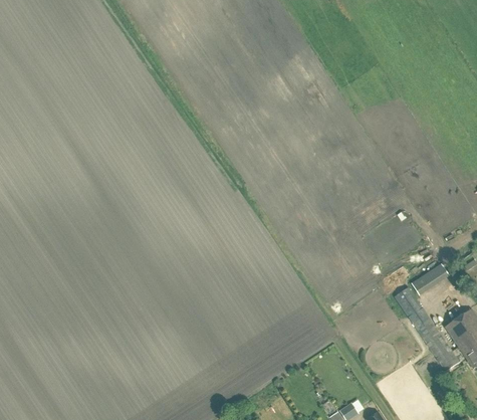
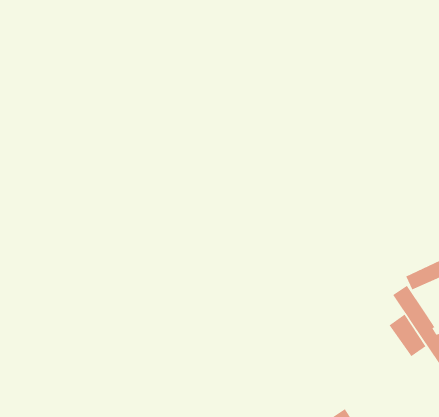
building: none -> [388,314,427,357]

